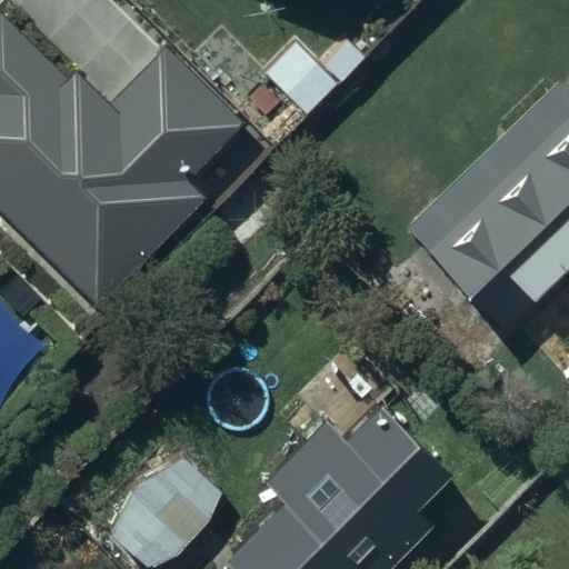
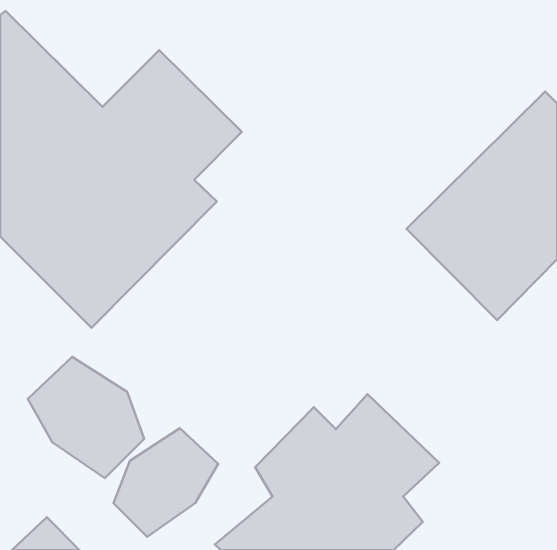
building: none -> [28,357,144,478]

